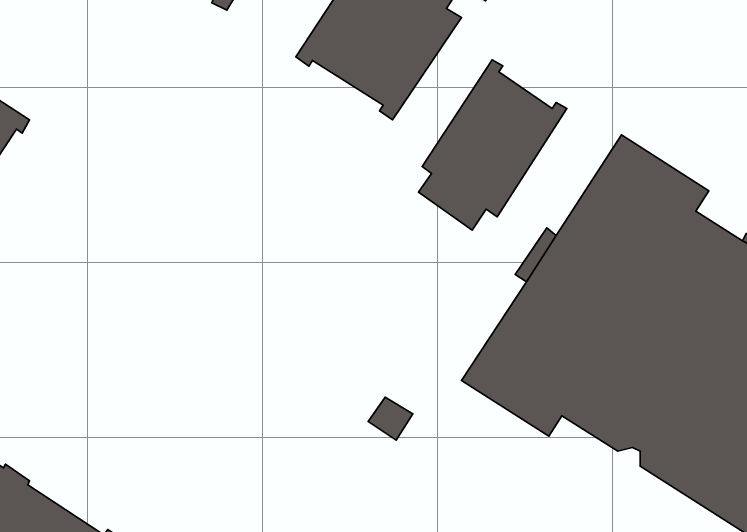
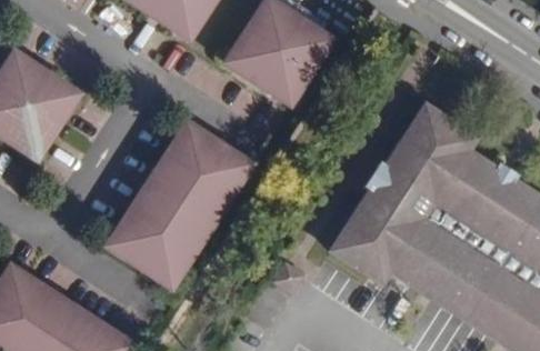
building: [418,60,567,230] -> none
building: none -> [109,124,247,283]

